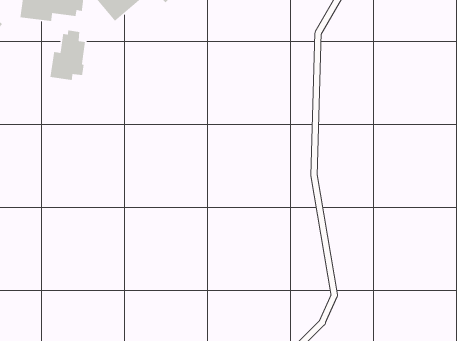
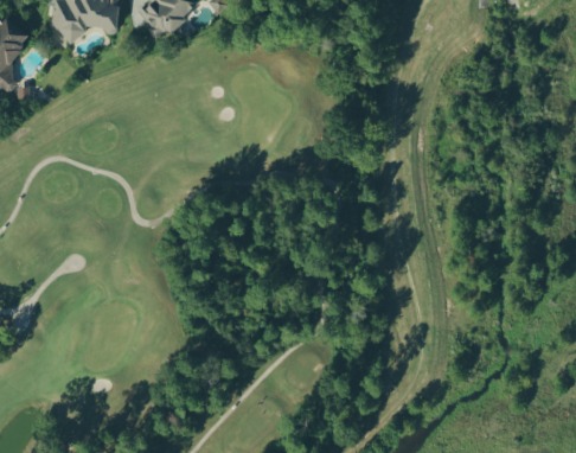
building: [49,29,86,81] -> none

